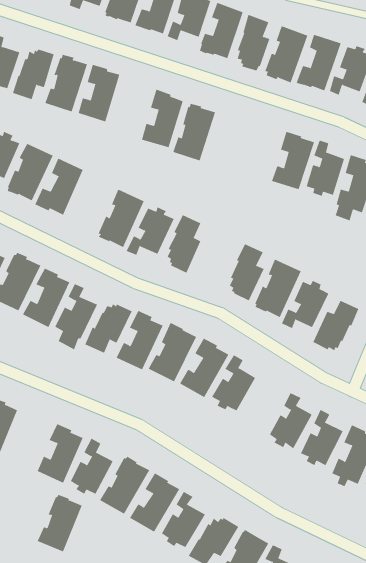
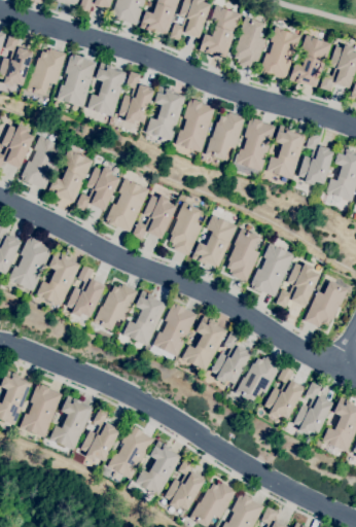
building: none -> [118,71,154,124]
building: none -> [206,112,245,161]
building: none -> [236,117,276,171]
building: none -> [75,167,119,212]
building: none -> [191,214,237,268]
building: none -> [235,356,281,402]
building: [37,494,82,552] -> [20,384,62,437]

